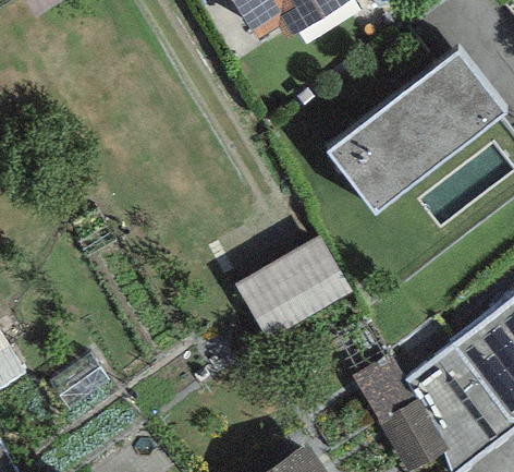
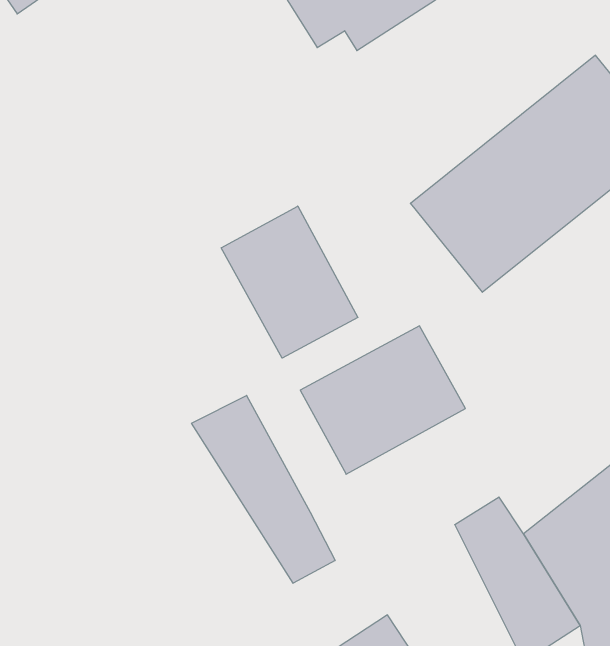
building: none -> [221,206,358,358]
building: none -> [192,395,335,583]

